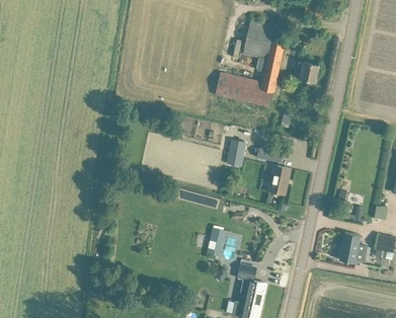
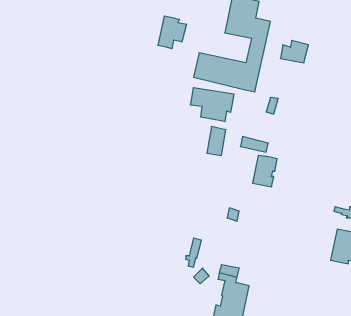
building: none -> [158,16,186,49]
building: none -> [191,88,234,122]

